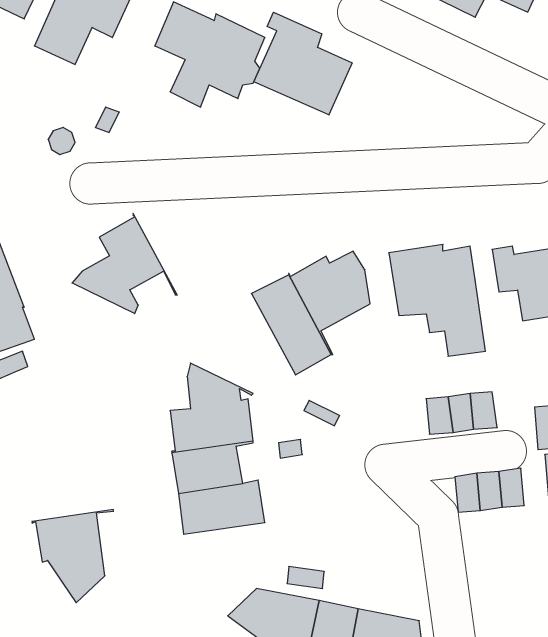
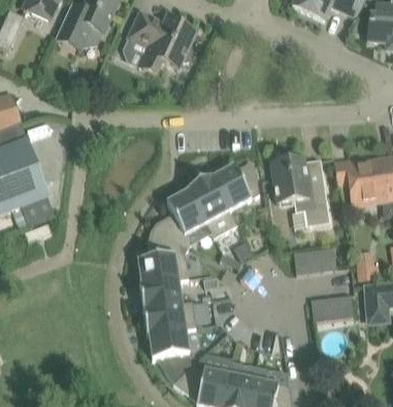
building: [254,12,352,115] -> none
building: [72,213,177,314] -> [151,188,215,248]
building: [32,510,113,603] -> [146,327,196,383]

